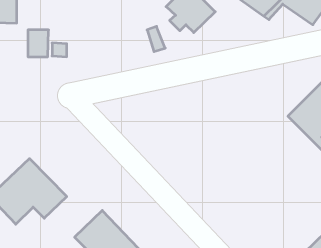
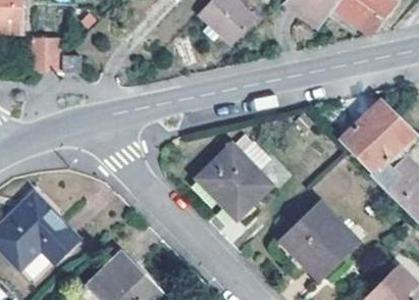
building: none -> [197,145,270,217]
building: none -> [281,201,360,280]

